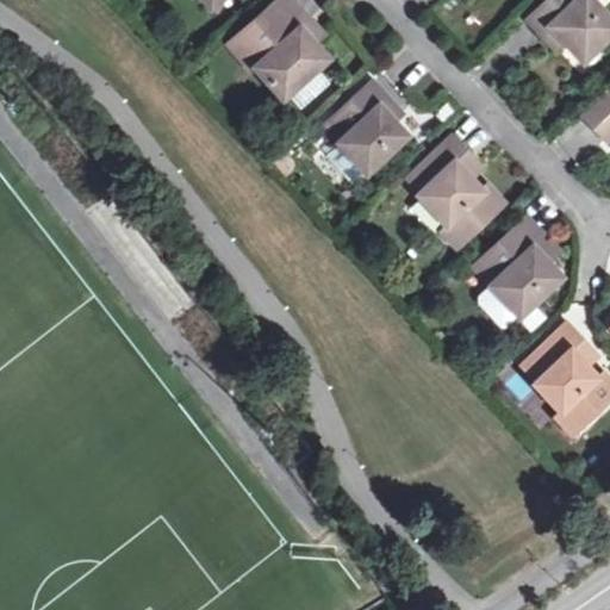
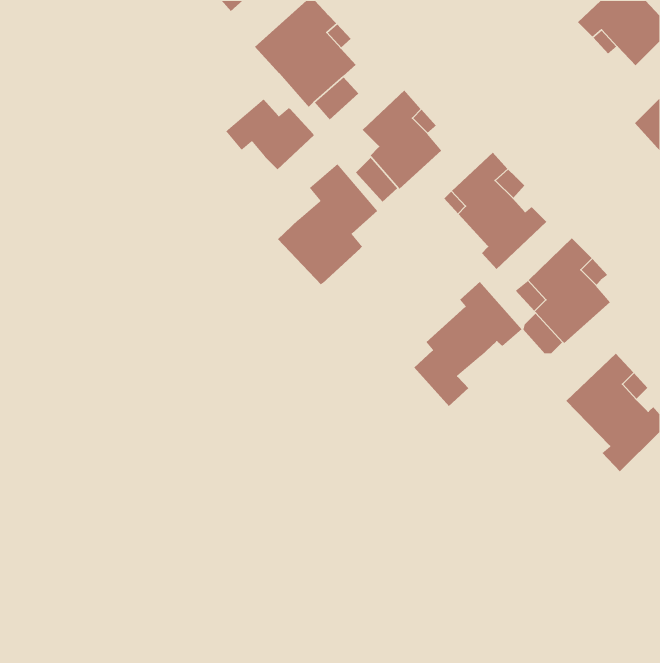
building: none -> [225,98,315,170]
building: none -> [277,163,378,285]
building: none -> [413,281,523,407]

